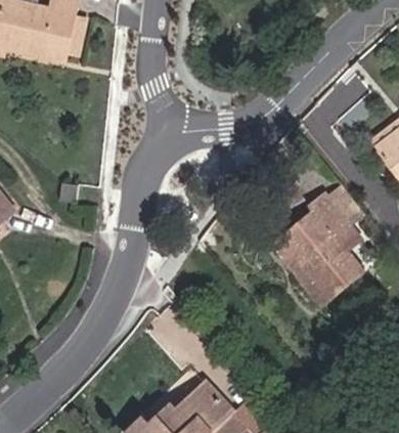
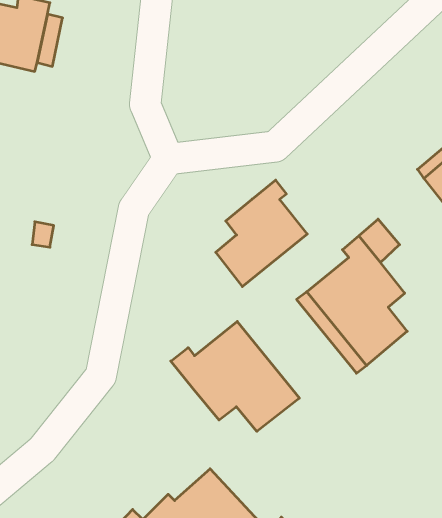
building: none -> [216,180,307,287]
building: none -> [171,321,299,431]

